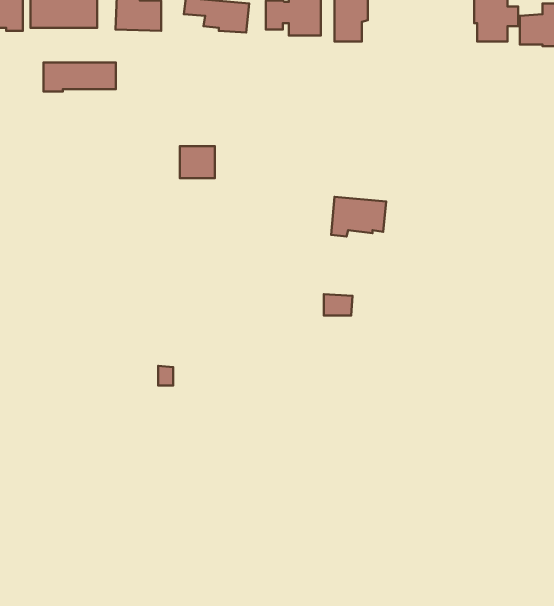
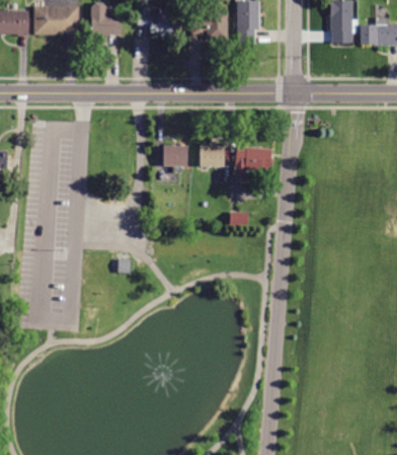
building: [44,63,116,92] -> none
building: [180,146,215,178] -> [164,145,187,166]
building: none -> [201,145,225,166]

